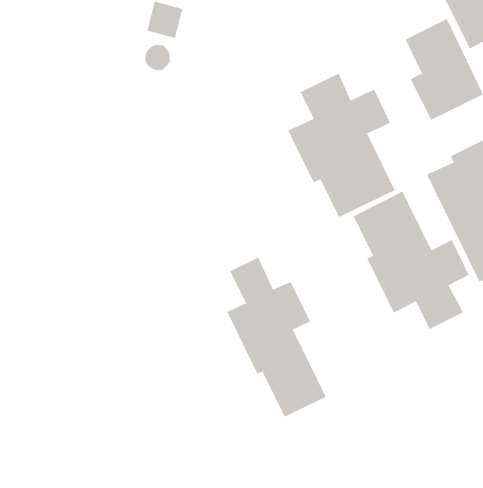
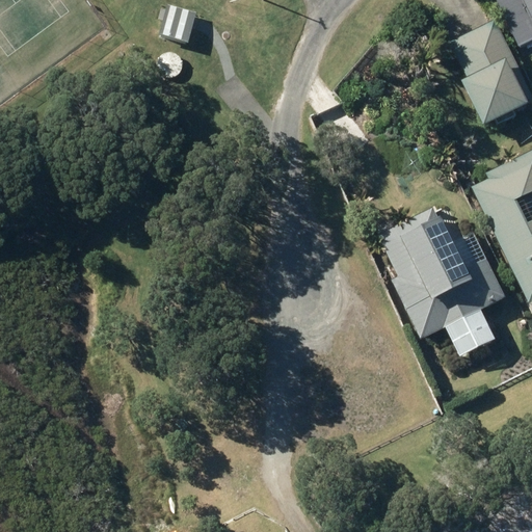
building: [288,73,395,218] -> none
building: [226,257,327,417] -> none

